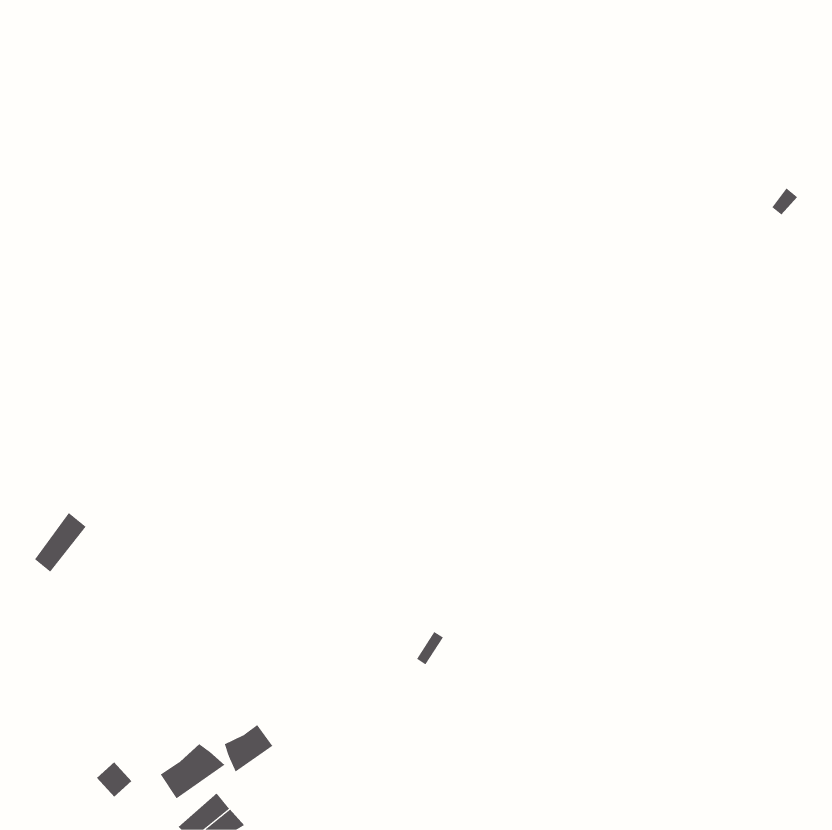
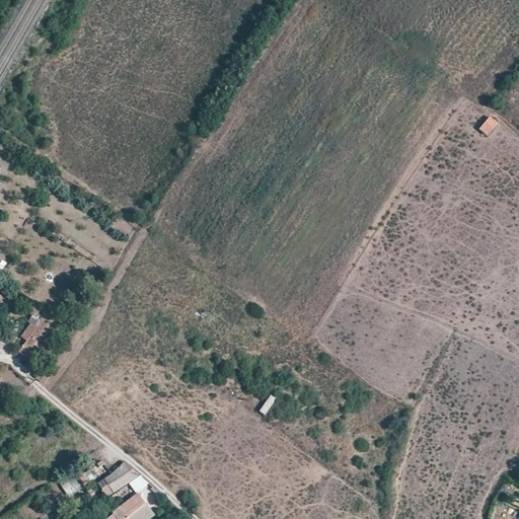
building: [224,724,273,772] -> none

